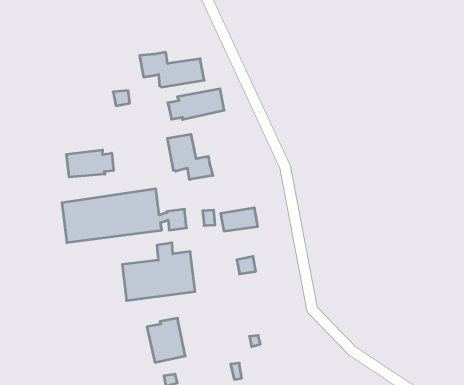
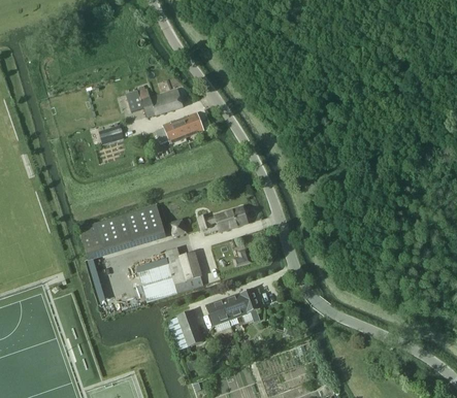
building: [167,134,213,180] -> none
building: [66,150,113,177] -> none
building: none -> [207,287,260,324]

